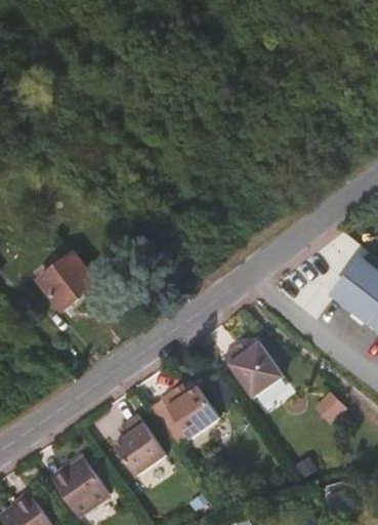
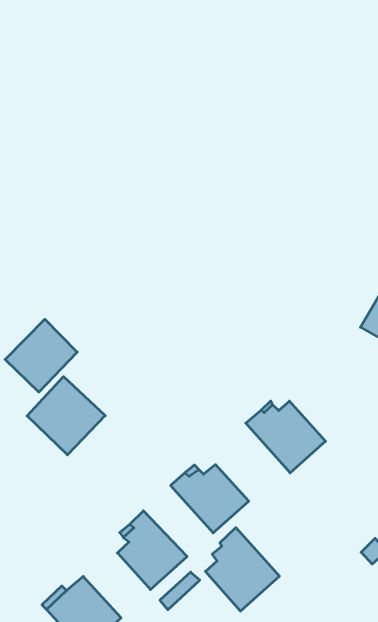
building: none -> [27,377,105,455]
building: none -> [205,528,279,611]

